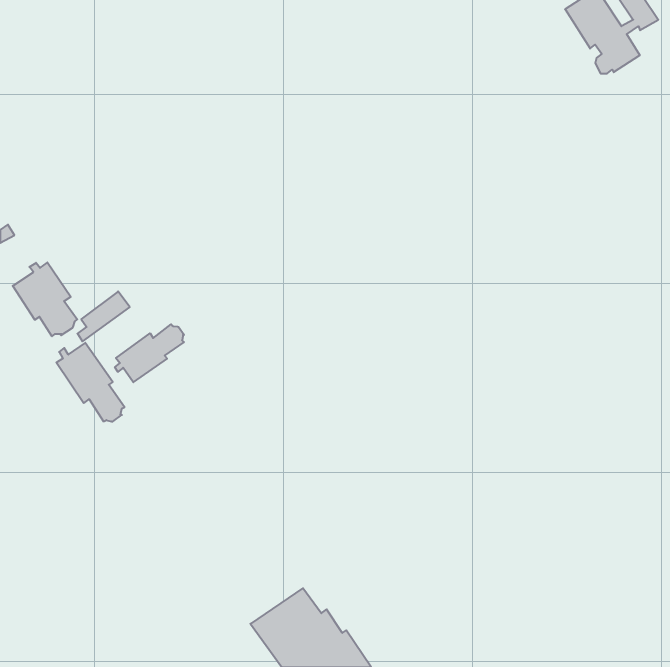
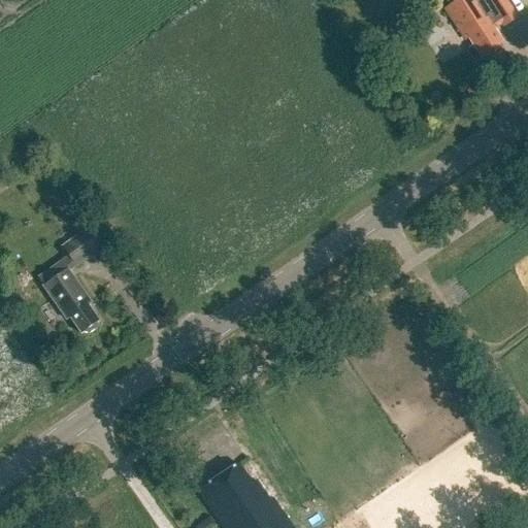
building: [13,262,77,336] -> none
building: [115,324,184,382] -> none

